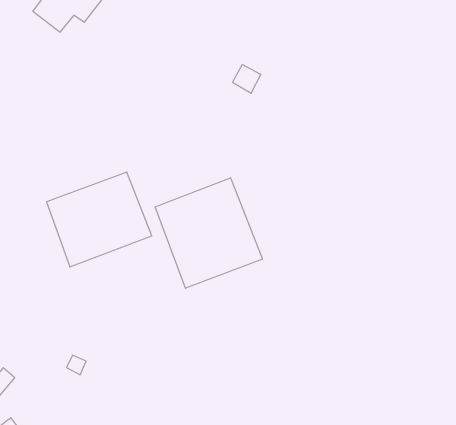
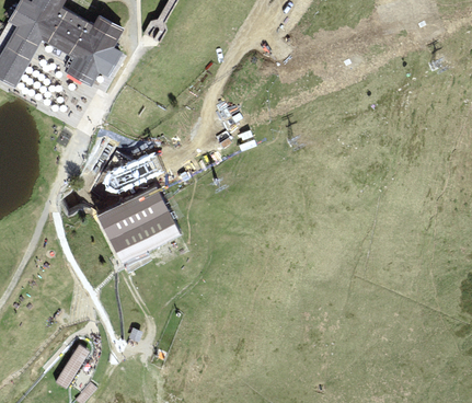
building: [155,178,263,288] -> none

